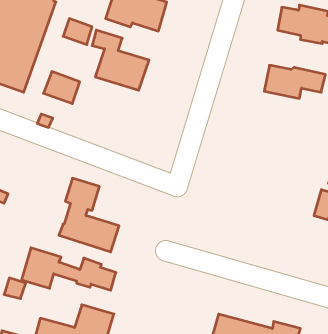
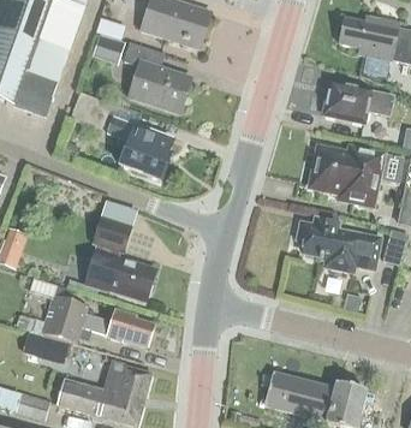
building: none -> [105,117,172,179]
building: none -> [309,144,385,206]
building: none -> [298,216,380,271]

